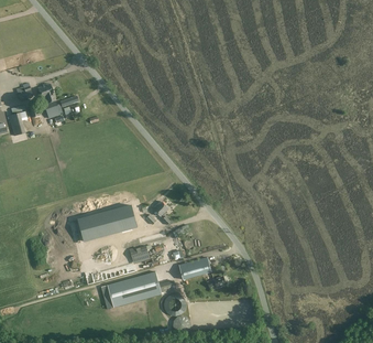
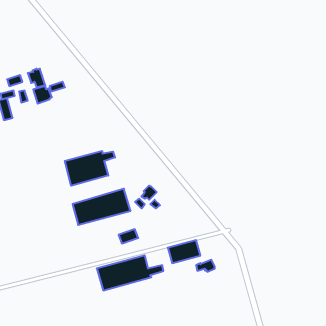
building: none -> [65,151,115,186]

